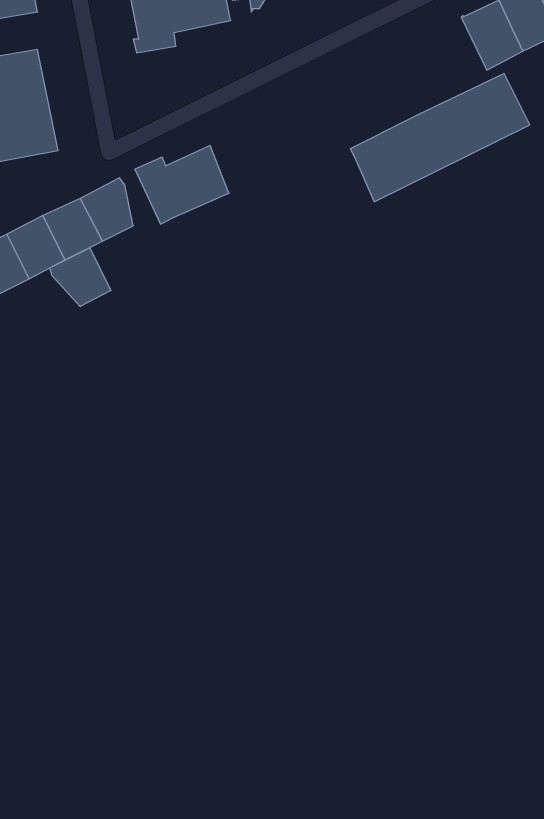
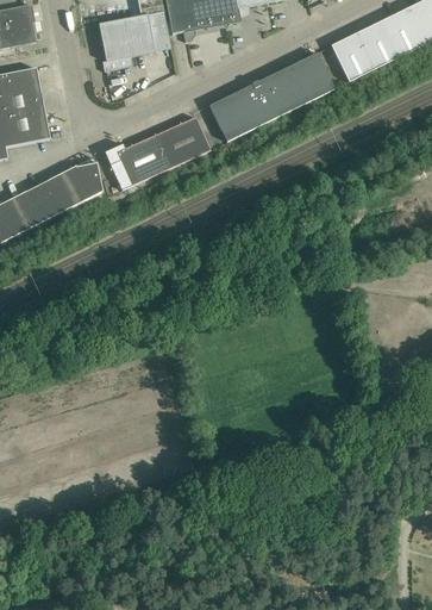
building: [350,73,530,202] -> [209,52,334,142]
building: none -> [156,117,209,168]
building: [50,248,111,307] -> none

